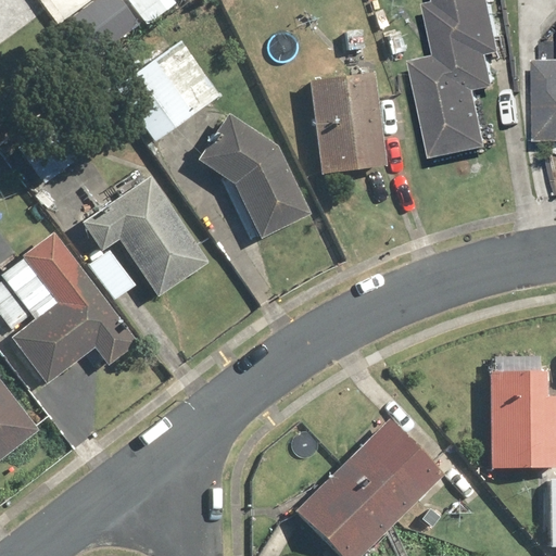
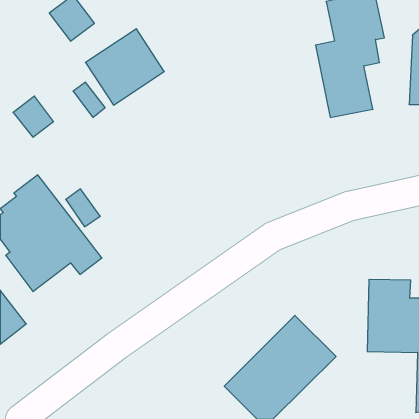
building: [309,72,383,172] -> none
building: [199,117,308,236] -> none
building: [79,174,207,296] -> none

